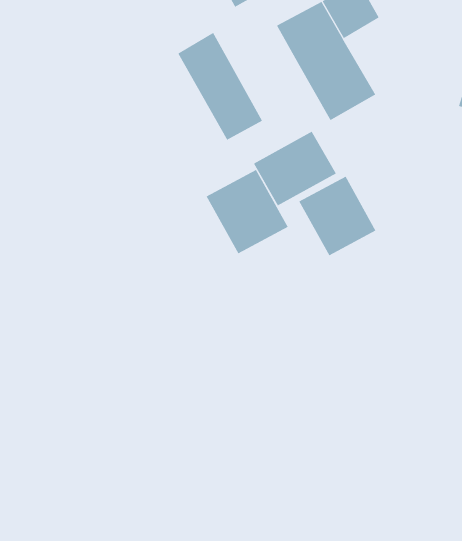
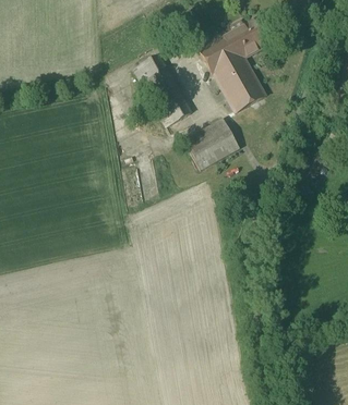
building: [206,169,288,254] -> none
building: [299,176,376,256] -> none

